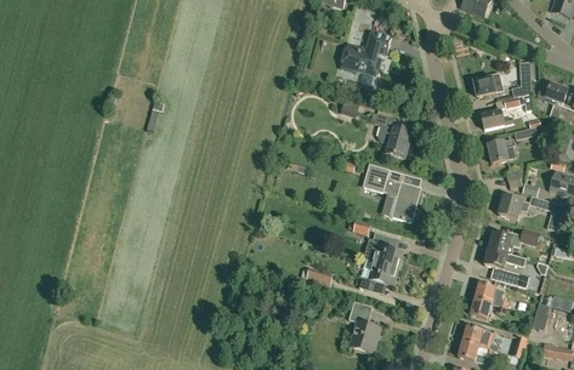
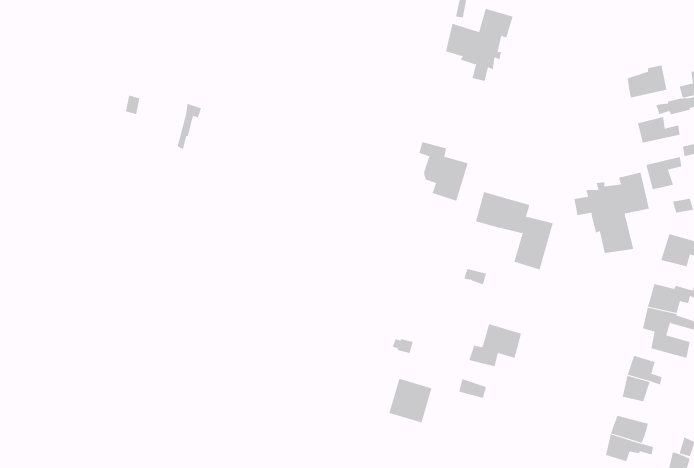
building: [374,113,410,156] -> [418,142,468,202]
building: none -> [574,172,649,254]
building: [371,230,402,267] -> none
building: [348,320,380,353] -> [389,378,432,423]

